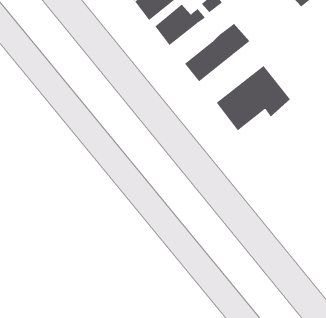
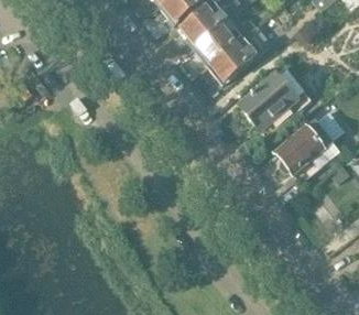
building: none -> [194,17,257,65]
building: none -> [276,120,333,172]

